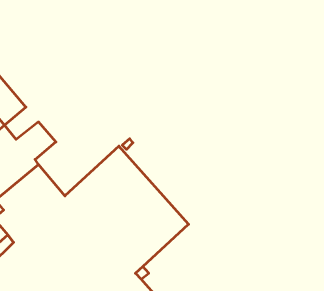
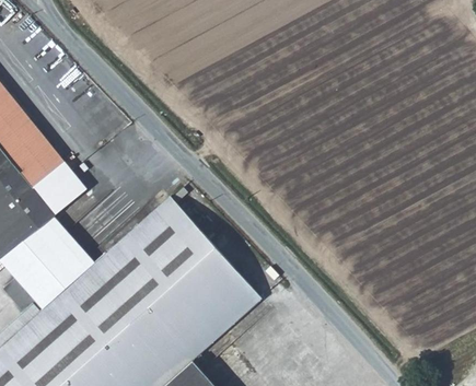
building: none -> [18,142,62,185]

